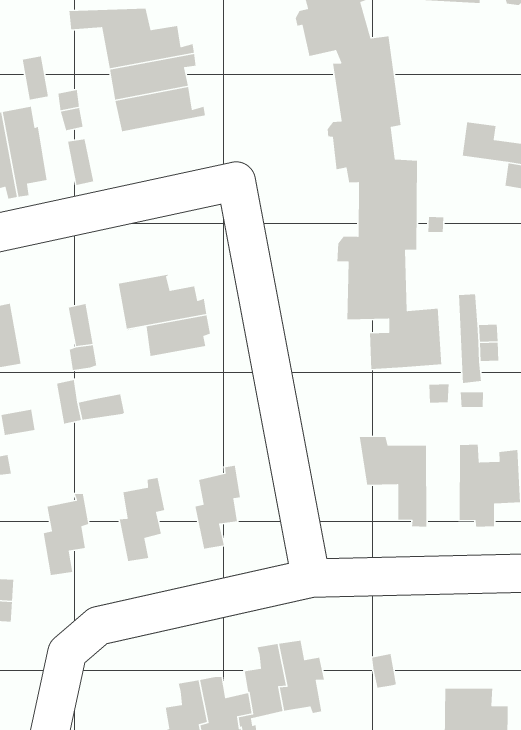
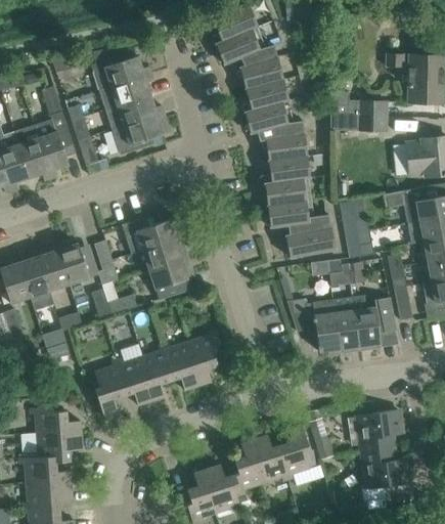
building: none -> [112,111,167,155]
building: none -> [55,242,89,283]
building: none -> [148,257,194,299]
building: none -> [331,298,358,353]
building: none -> [164,342,198,390]
building: none -> [118,356,151,405]
building: none -> [356,400,402,453]
building: none -> [281,424,310,479]

